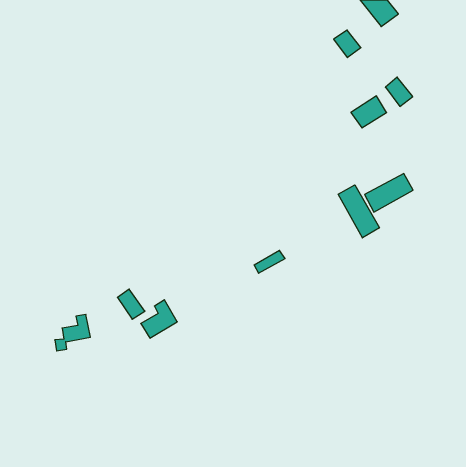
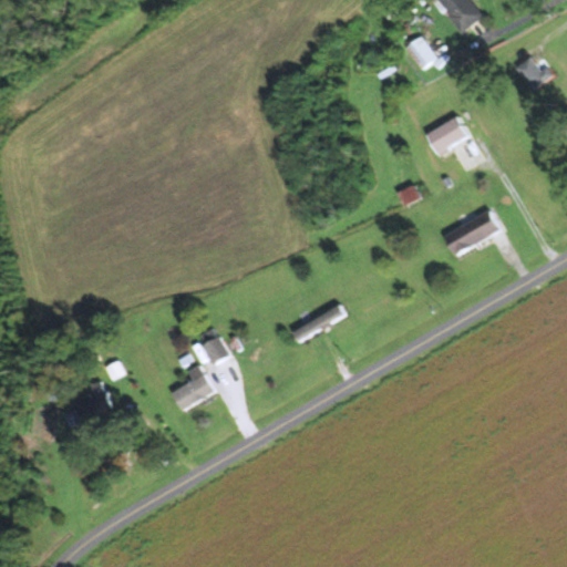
building: [385,77,413,106] -> [515,56,548,92]
building: [338,185,379,238] -> none
building: [117,289,145,319] -> [197,328,230,364]

